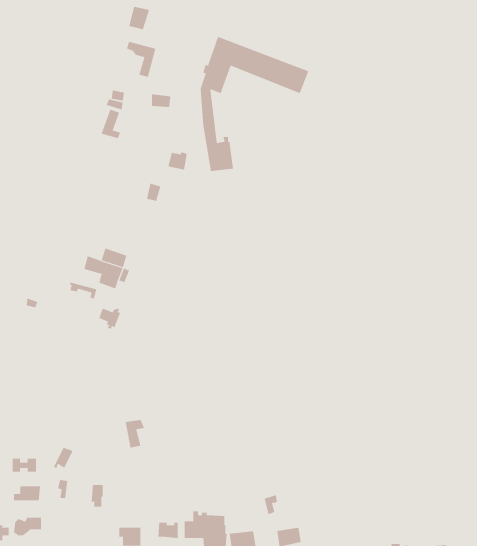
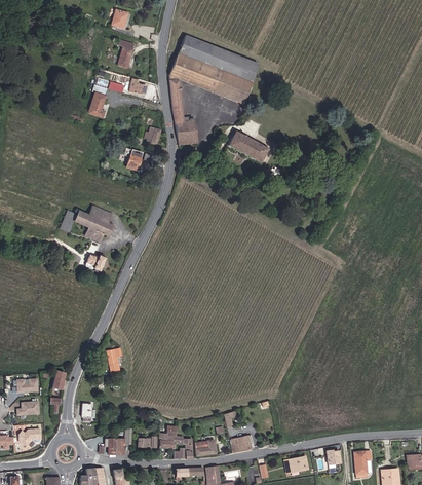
building: none -> [187,59,252,102]
building: none -> [224,130,266,163]

